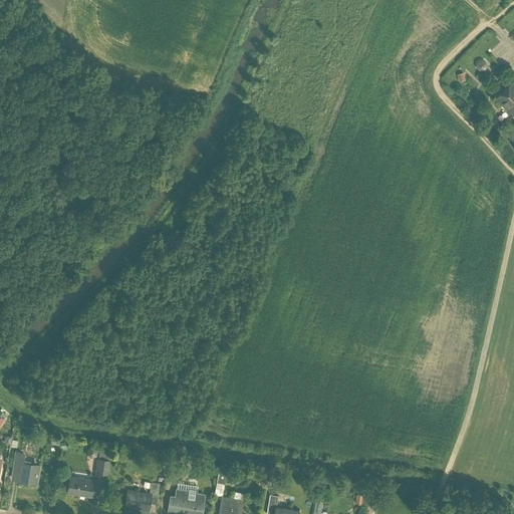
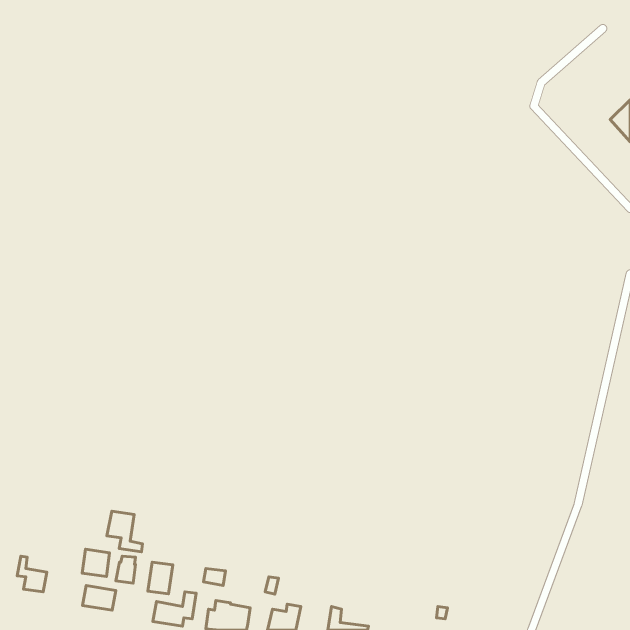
building: none -> [107,511,143,552]
building: none -> [82,549,109,576]
building: none -> [148,562,173,594]

